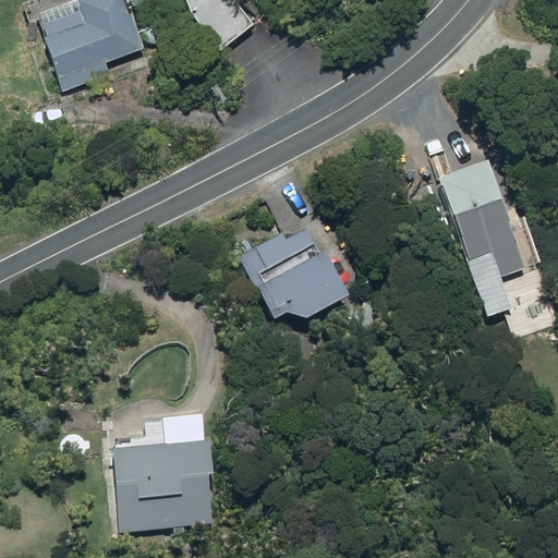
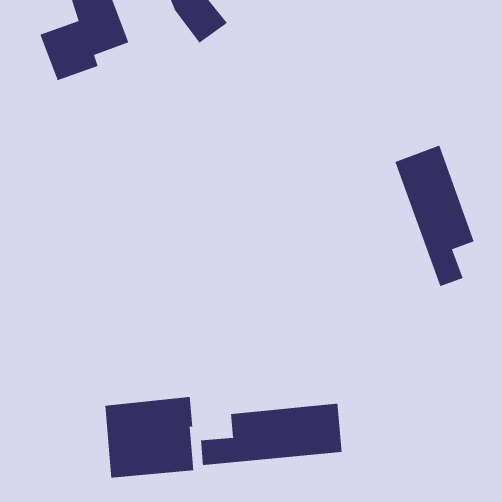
building: [240,227,348,318] -> none
building: none -> [200,403,342,466]

